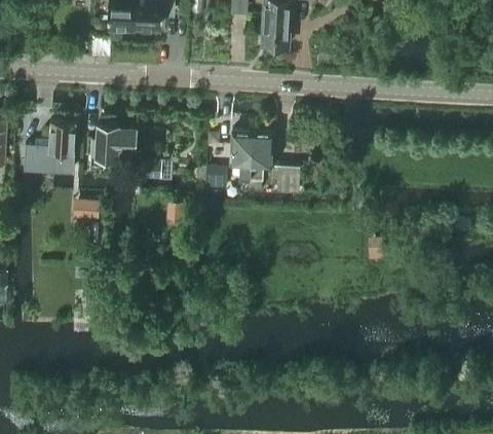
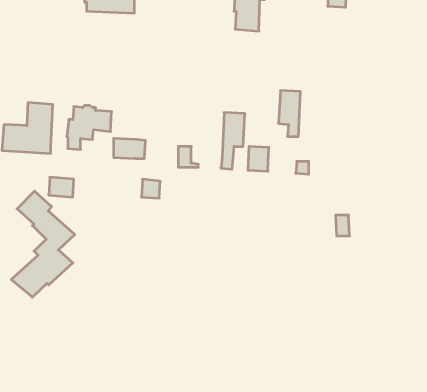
building: [229,131,252,178] -> [278,91,300,136]
building: none -> [11,191,75,297]

